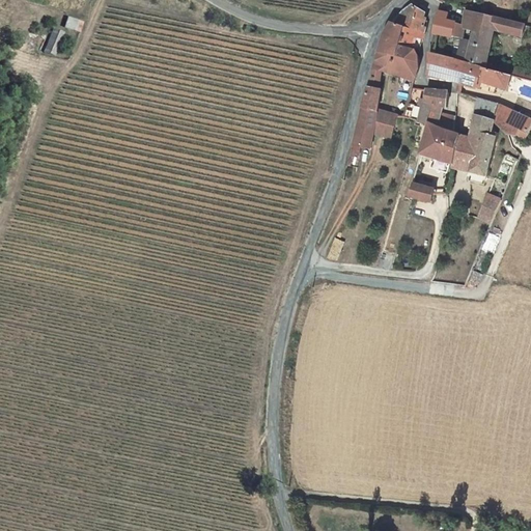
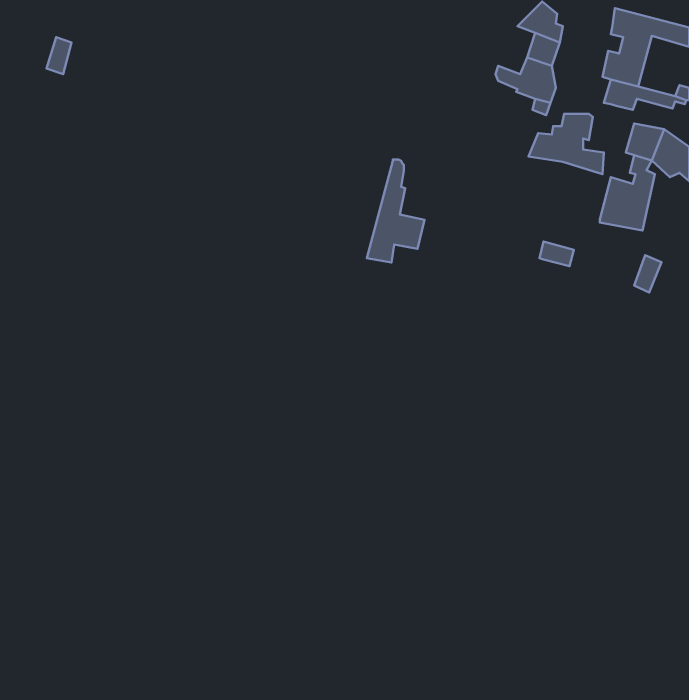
building: [434,8,463,36] -> none
building: [376,21,404,57] -> none
building: [430,52,462,79] -> none
building: [351,69,394,147] -> [367,160,424,262]
building: [418,123,462,167] -> none

